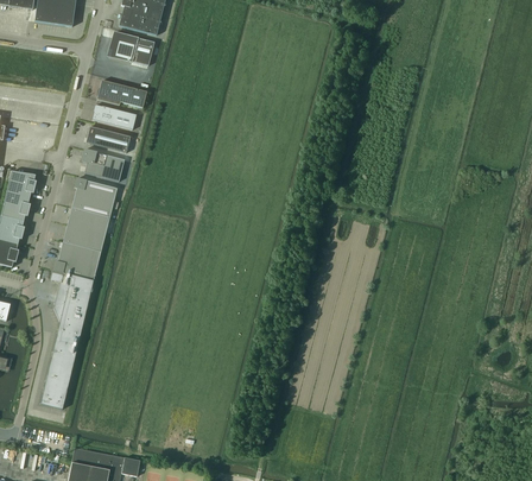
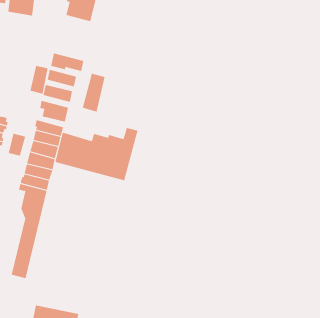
building: [108,31,154,65] -> none
building: none -> [30,65,48,95]
building: none -> [82,73,105,112]
building: none -> [55,127,138,181]
building: none -> [8,133,26,156]

